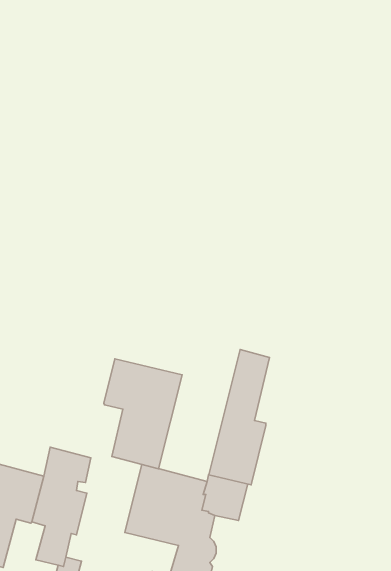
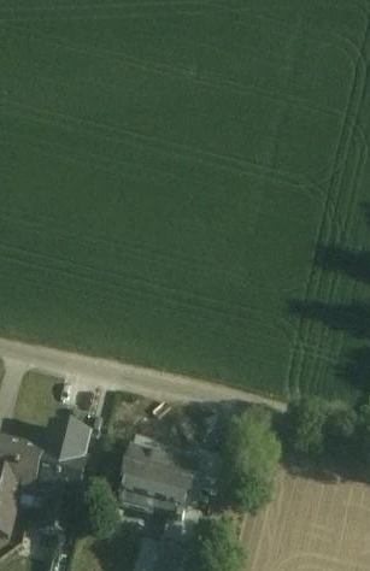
building: [209,349,270,485] -> none
building: [104,359,182,469] -> none

